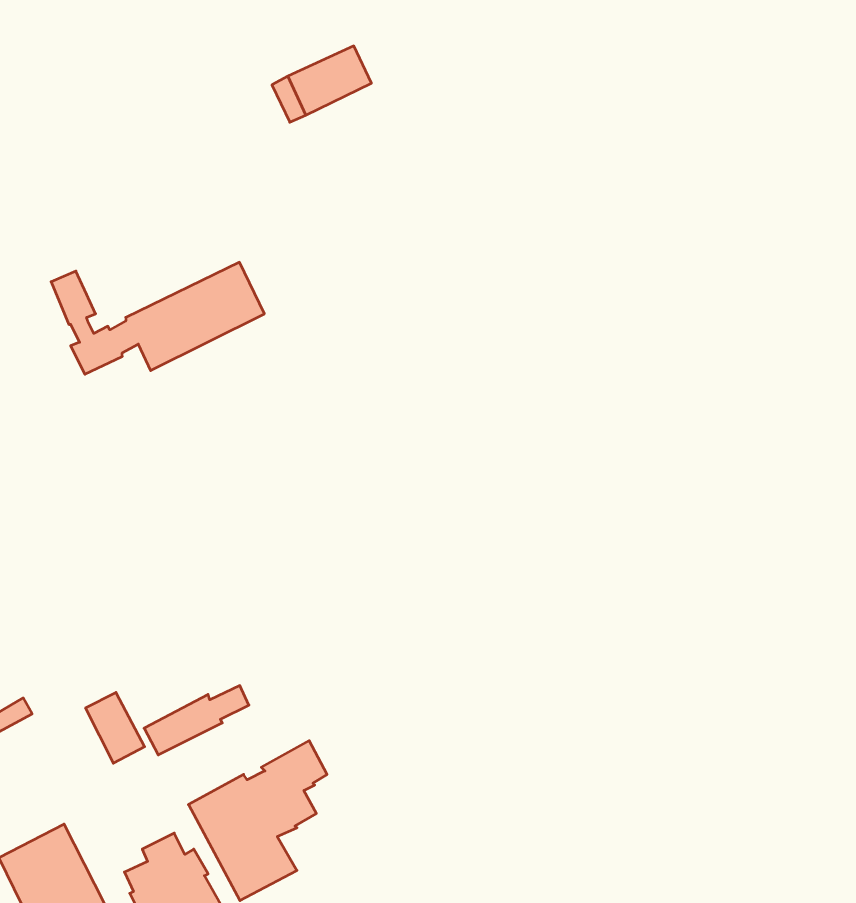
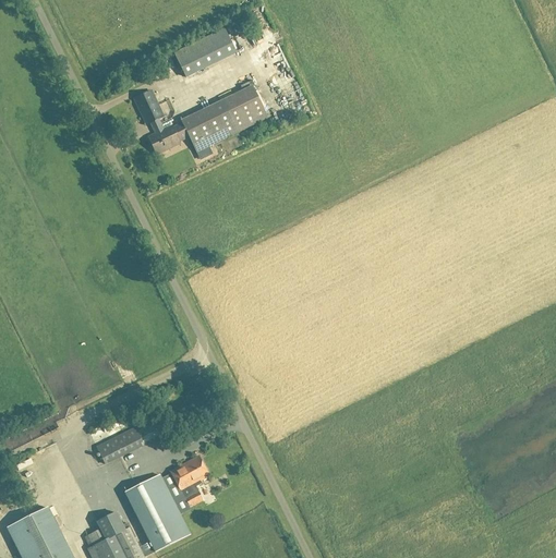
building: [51,262,264,374] -> [135,85,266,154]
building: [86,692,145,763] -> none

